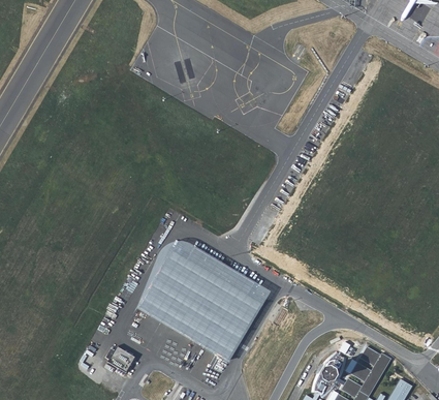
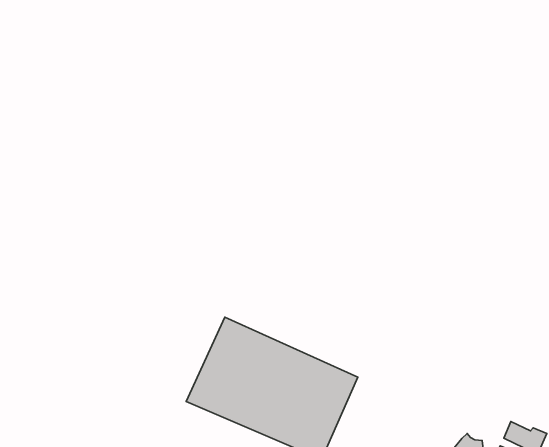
building: [135,240,270,308] -> none

